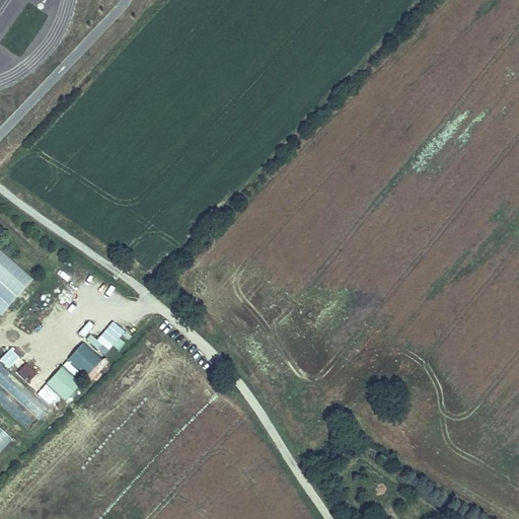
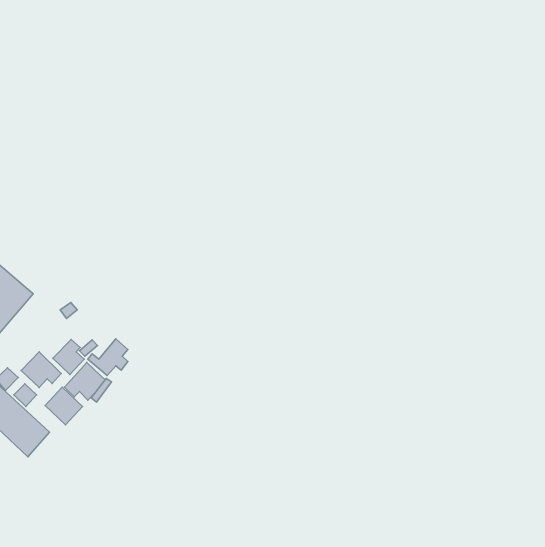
building: none -> [53,339,84,374]
building: none -> [21,352,61,388]

